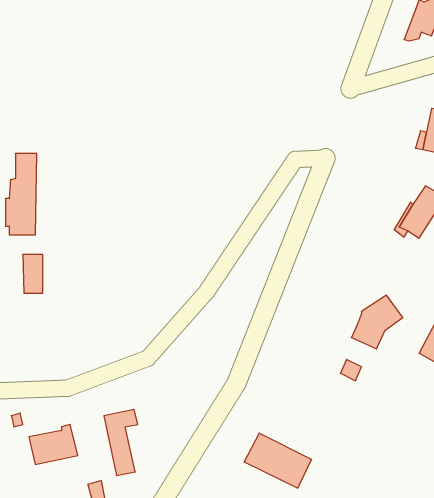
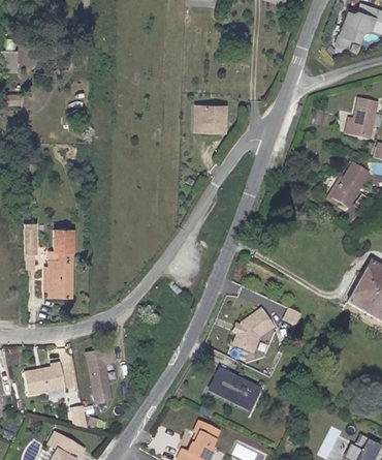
building: none -> [201,103,226,129]
building: [5,154,37,235] -> [46,228,72,296]
building: [351,295,403,349] -> [231,307,274,351]

